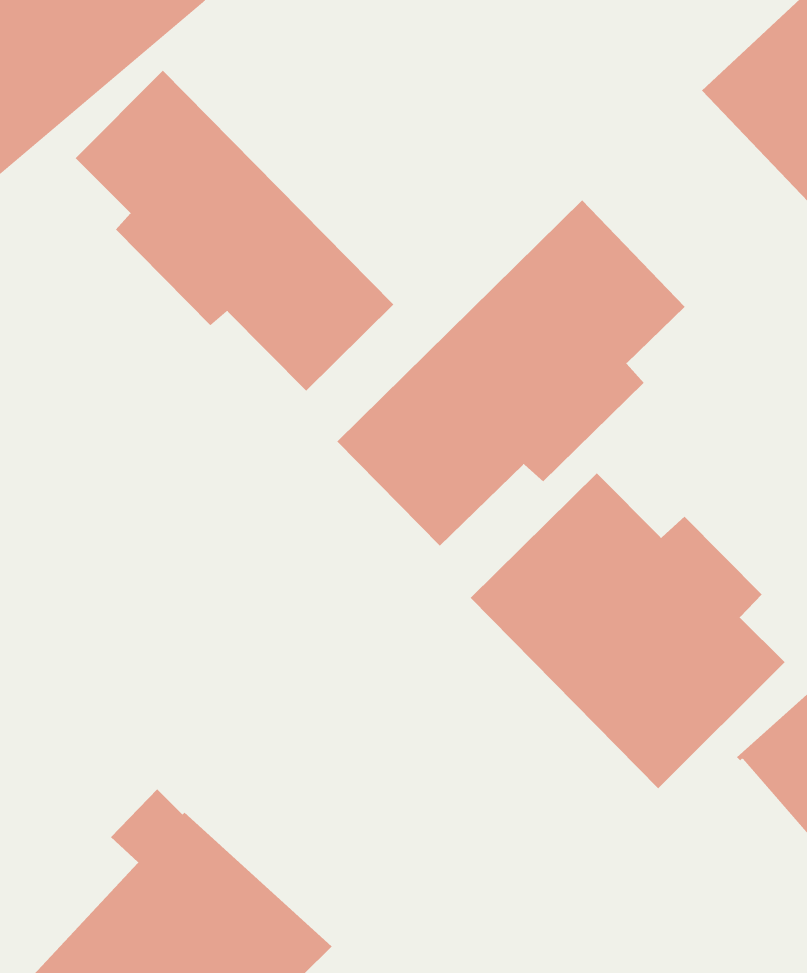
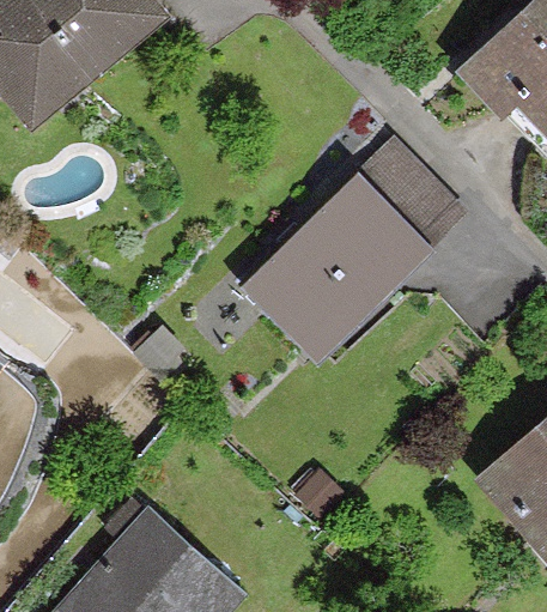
building: [75,70,394,391] -> none
building: [470,473,786,789] -> none

